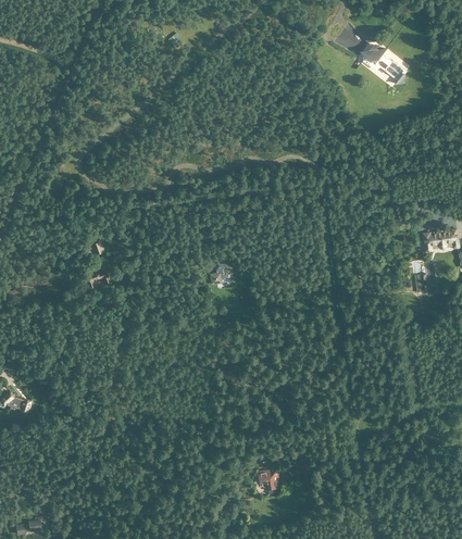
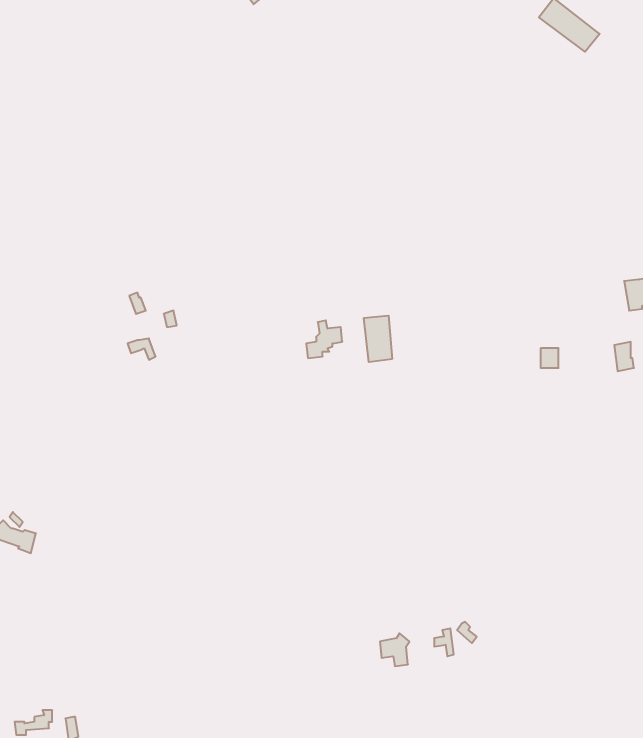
building: none -> [364,316,392,362]

